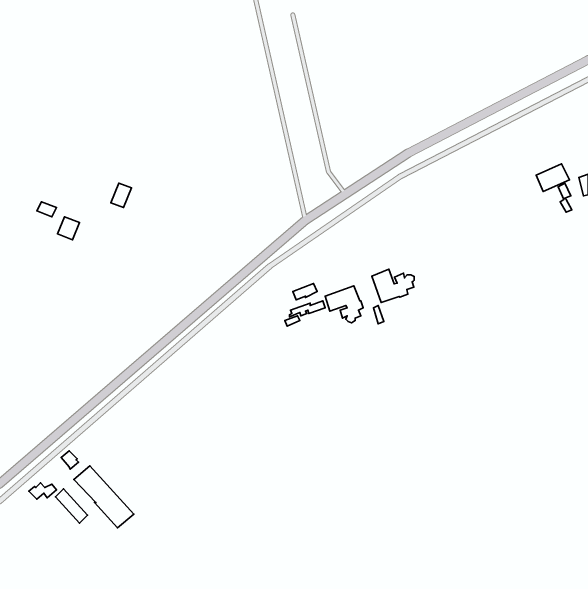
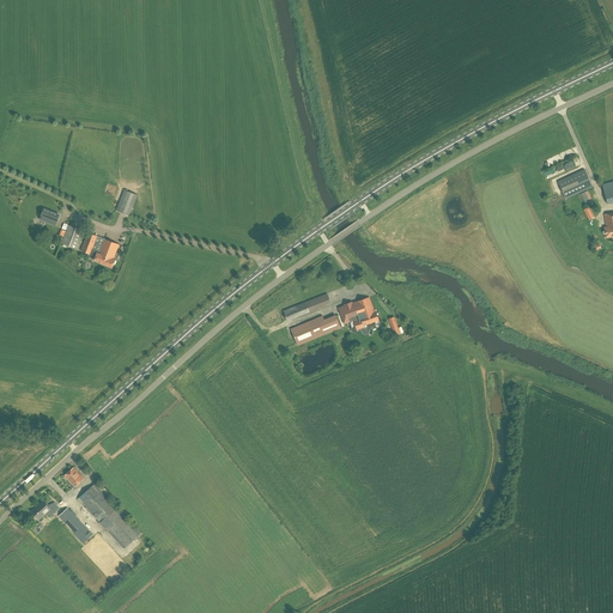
building: none -> [80,232,117,268]
building: [372,269,414,302] -> none

